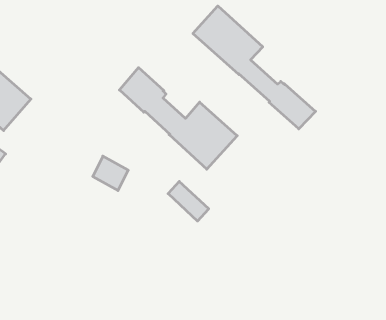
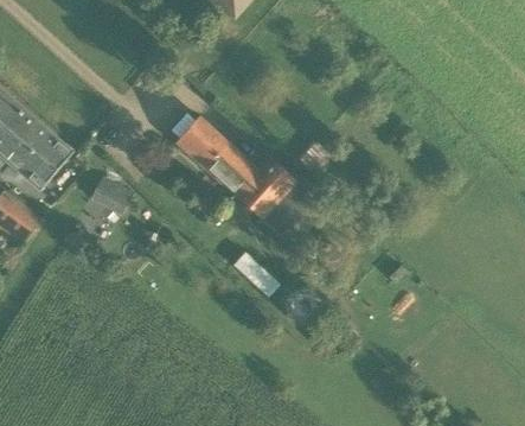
building: [193,6,316,129] -> none
building: [93,156,128,191] -> [90,173,132,214]

